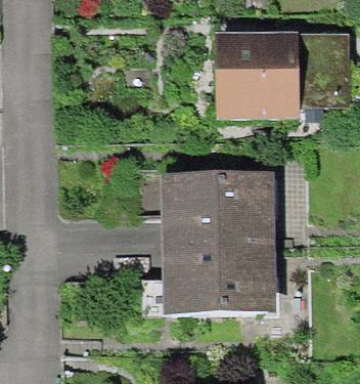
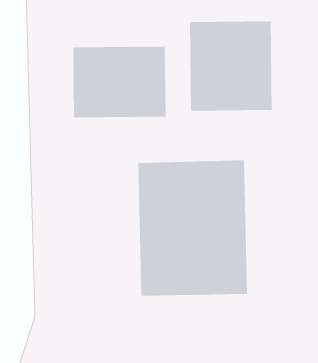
building: none -> [73,46,166,118]

